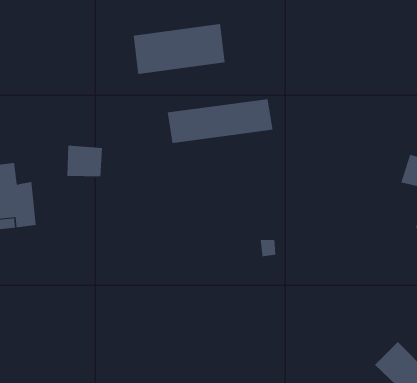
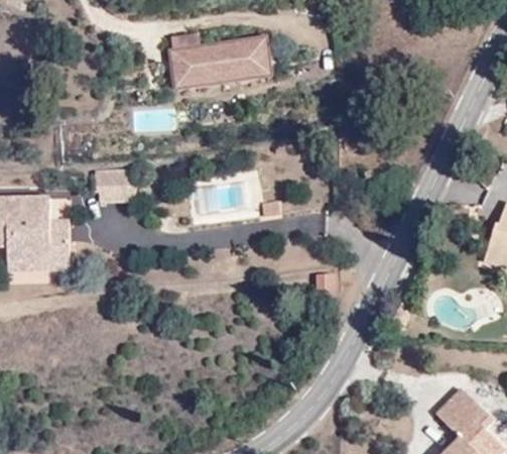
building: [167,98,273,144] -> none

